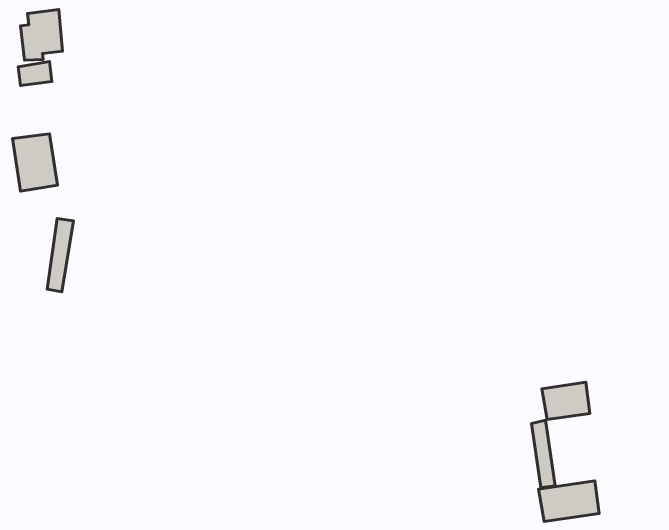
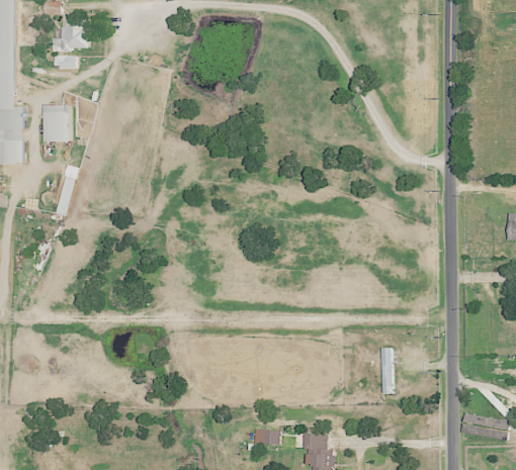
building: [542,382,590,420] -> none
building: [538,481,599,521] -> none

